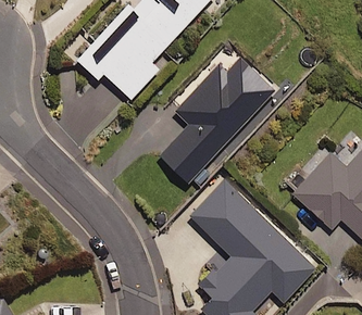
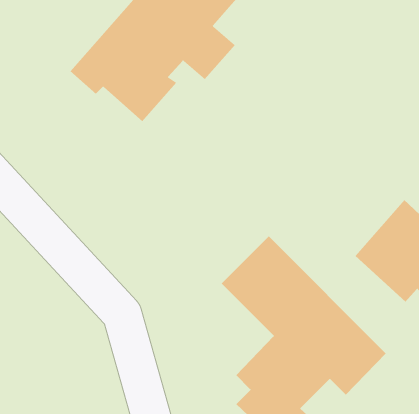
building: [160,59,276,181] -> none

